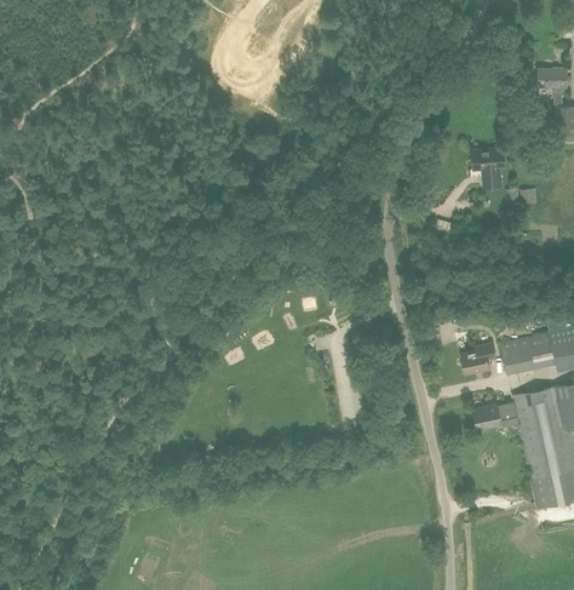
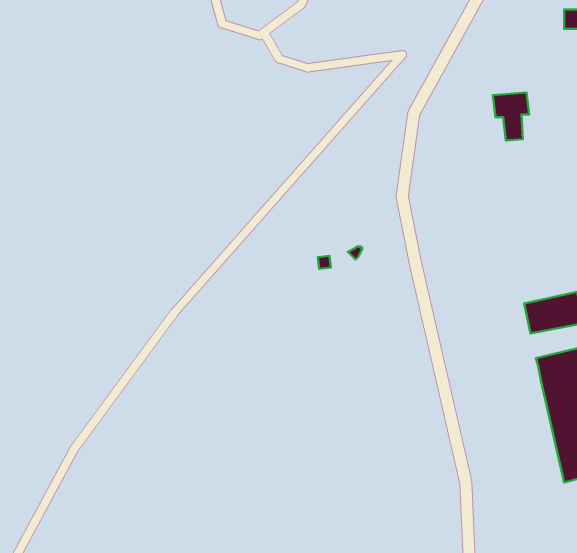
building: [461,344,496,374] -> none
building: [473,402,517,429] -> none

